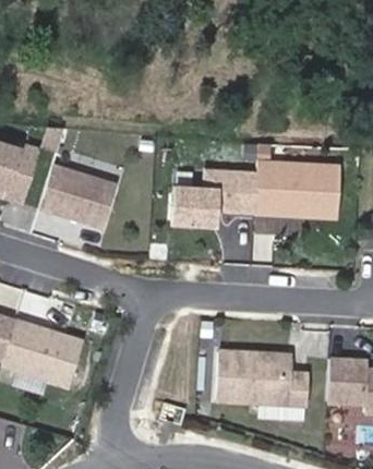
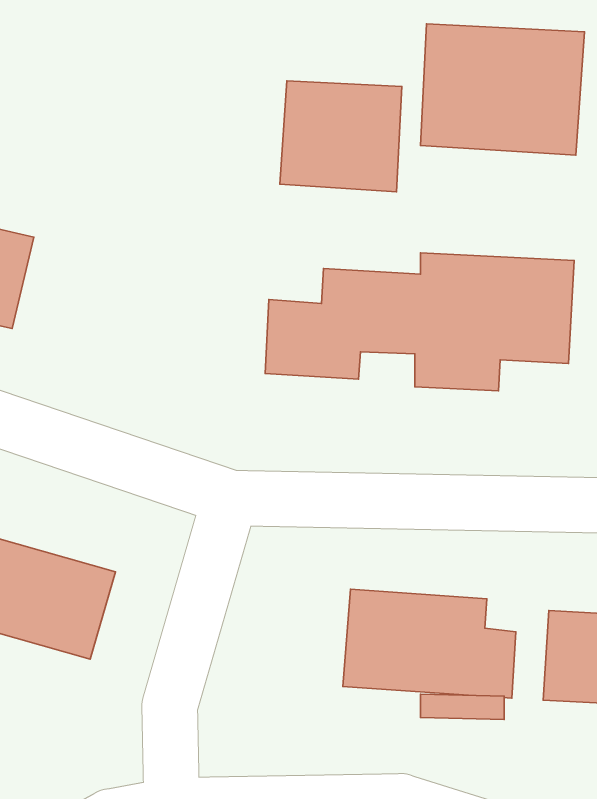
building: none -> [420,24,584,155]
building: none -> [280,81,402,192]
building: [33,163,117,241] -> none

